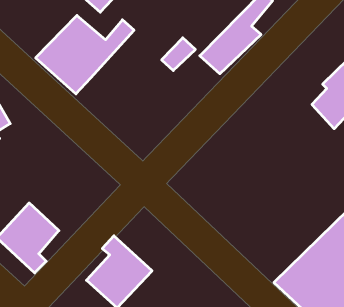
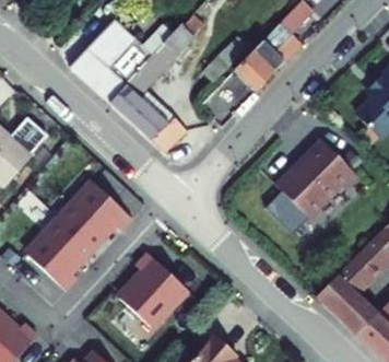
building: none -> [109,16,200,154]
building: none -> [271,141,357,220]
building: none -> [61,180,133,245]

